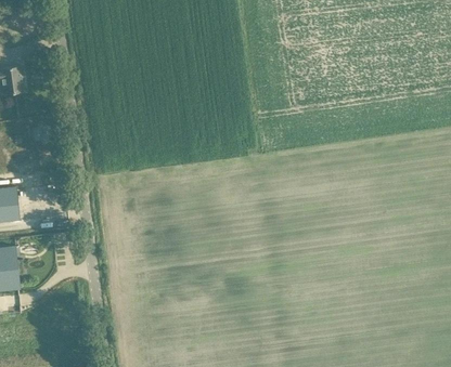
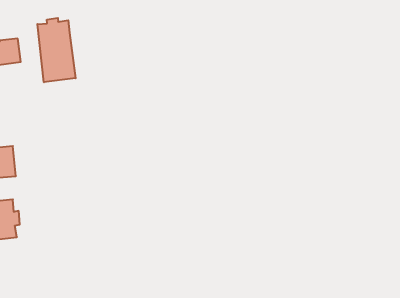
building: none -> [37,18,76,82]

